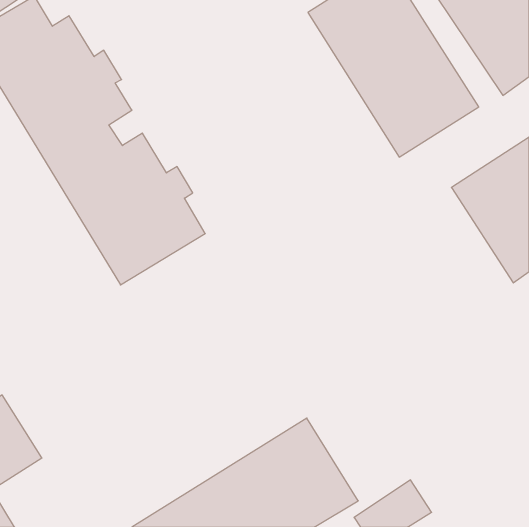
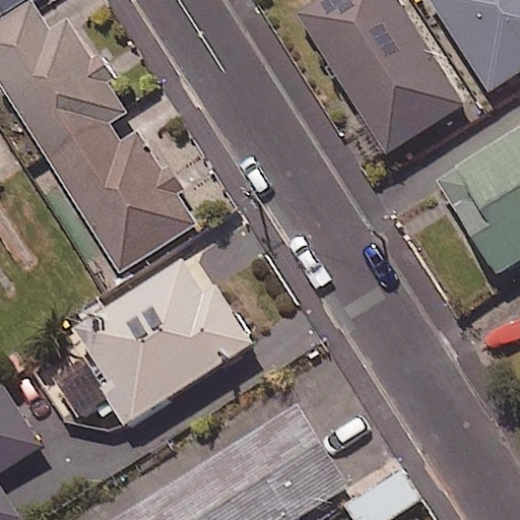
building: none -> [67,259,254,424]

